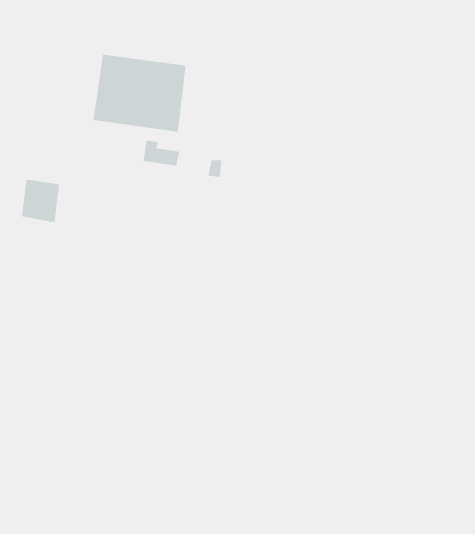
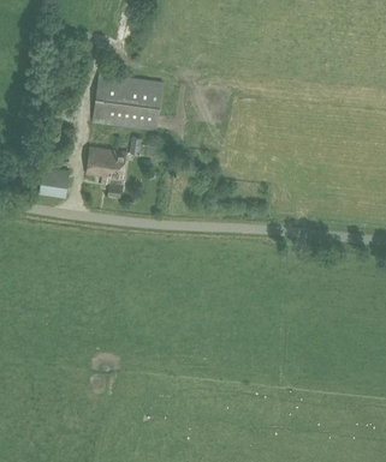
building: none -> [85,145,126,194]

